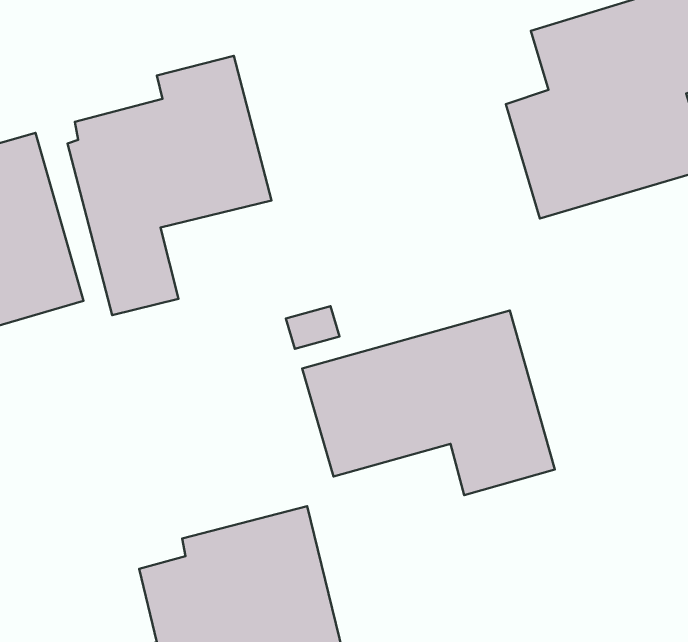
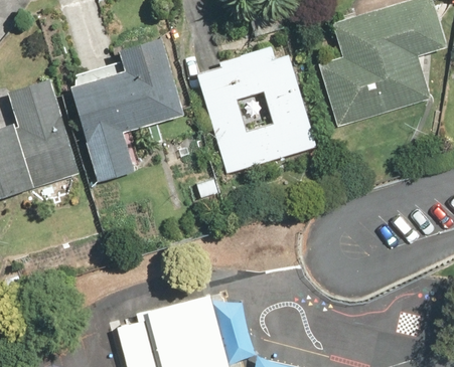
building: none -> [198,44,317,175]
building: [302,311,555,495] -> none

